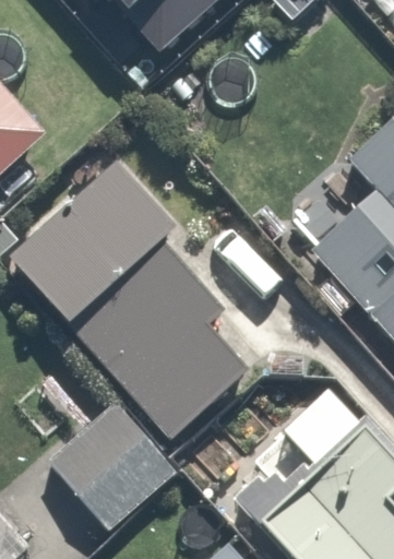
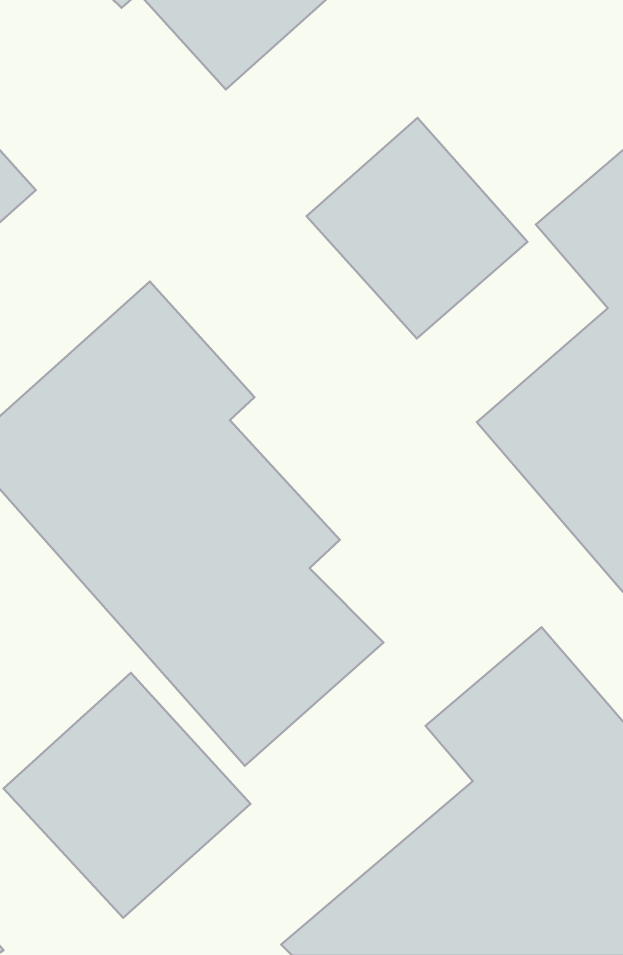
building: none -> [306,118,528,338]

